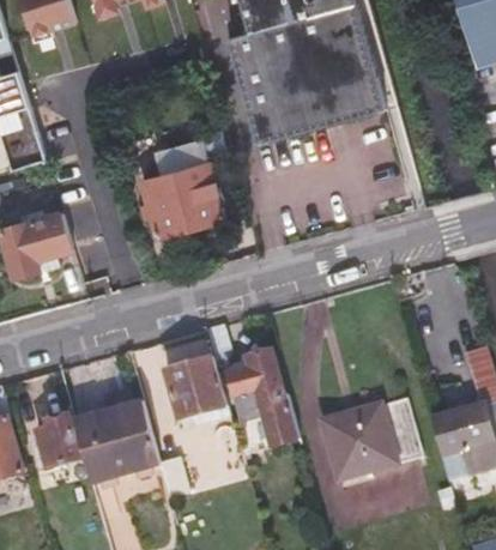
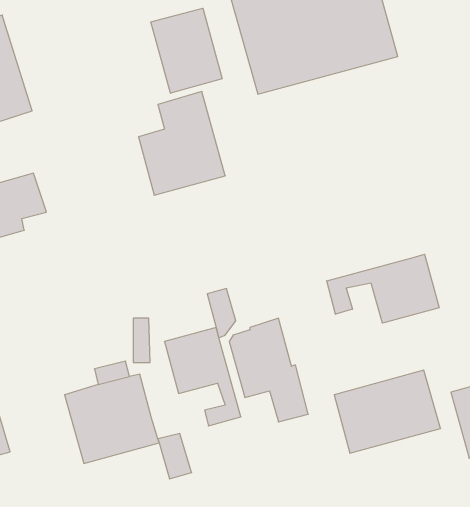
building: none -> [151,8,222,93]
building: none -> [327,254,439,323]
building: [36,417,80,469] -> none

